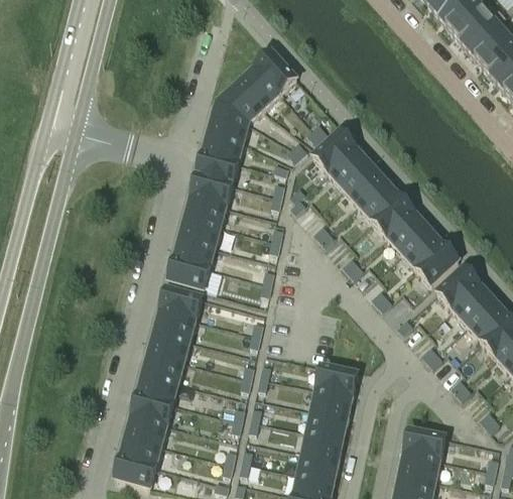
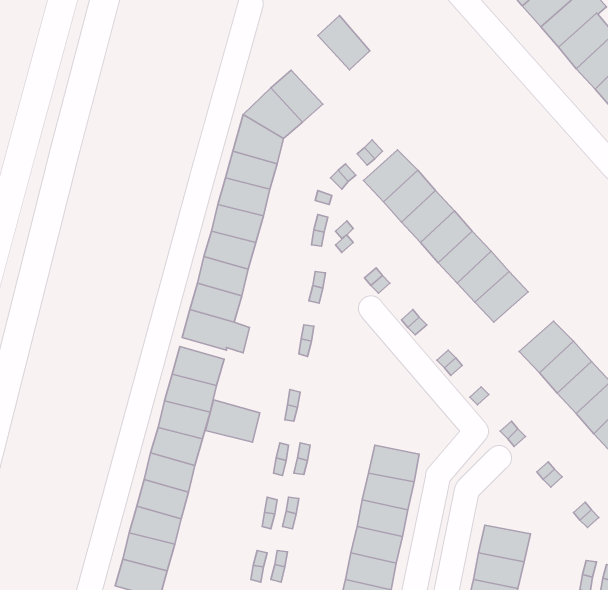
building: [255,51,296,95] -> [318,15,370,70]
building: [416,244,459,285] -> none
building: none -> [205,400,260,442]

